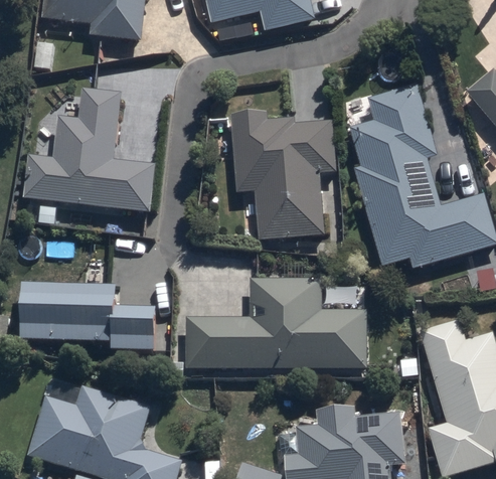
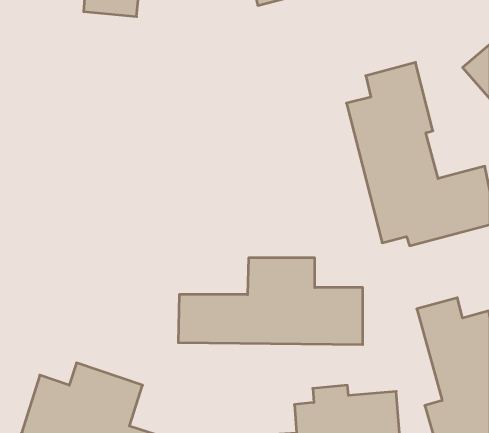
building: [25,86,154,211] -> none
building: [228,110,334,241] -> none
building: [20,282,154,350] -> none

